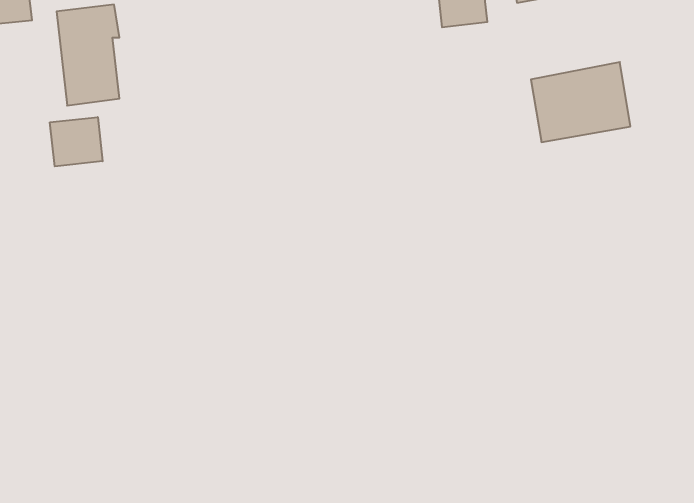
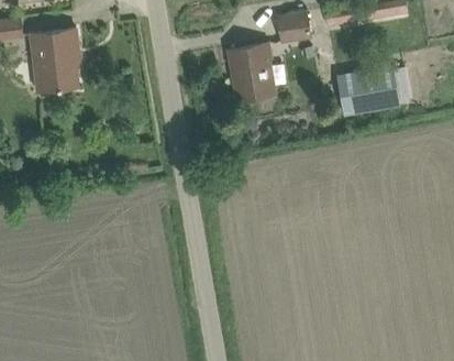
building: none -> [226,43,276,100]
building: [50,117,103,166] -> none

